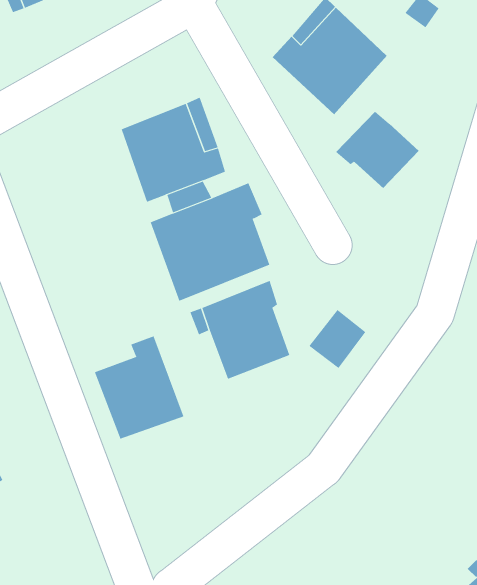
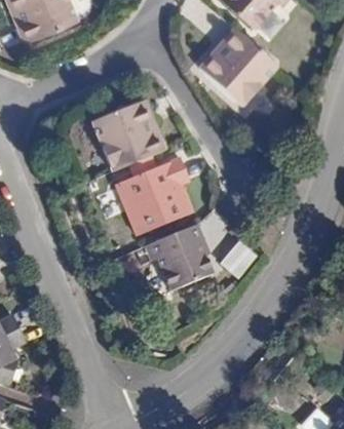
building: [335,111,419,189] -> none
building: [94,336,184,439] -> none

